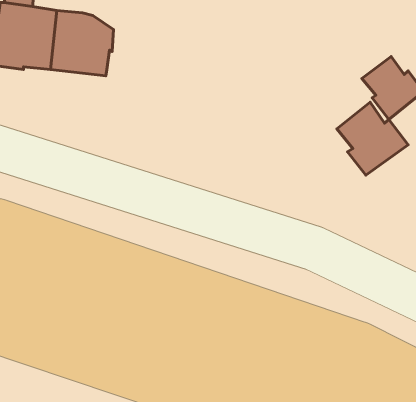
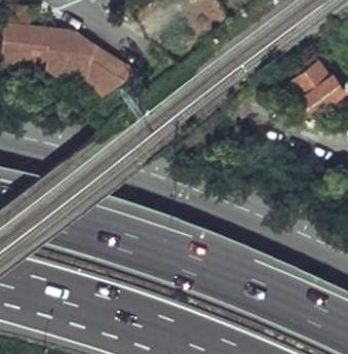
building: none -> [85,42,138,96]
building: [337,102,408,175] -> none

